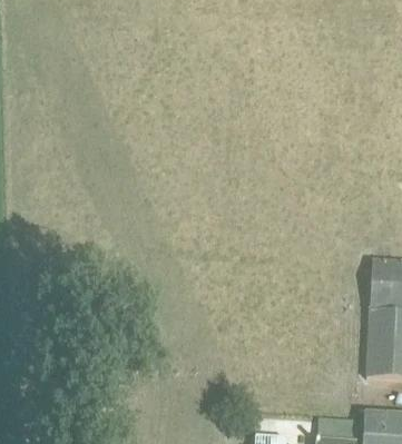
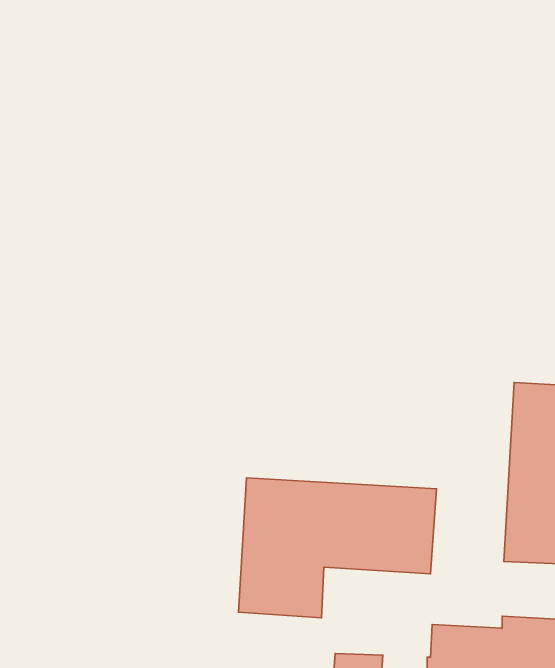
building: none -> [239,478,437,618]

